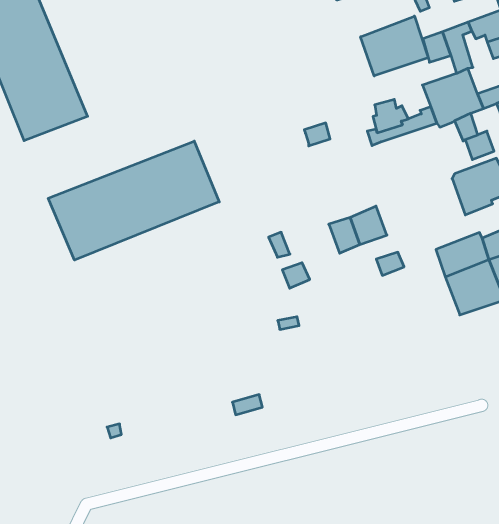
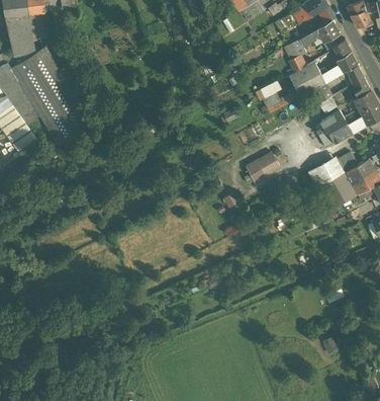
building: [361,16,428,76] -> none
building: [48,141,219,260] -> none

